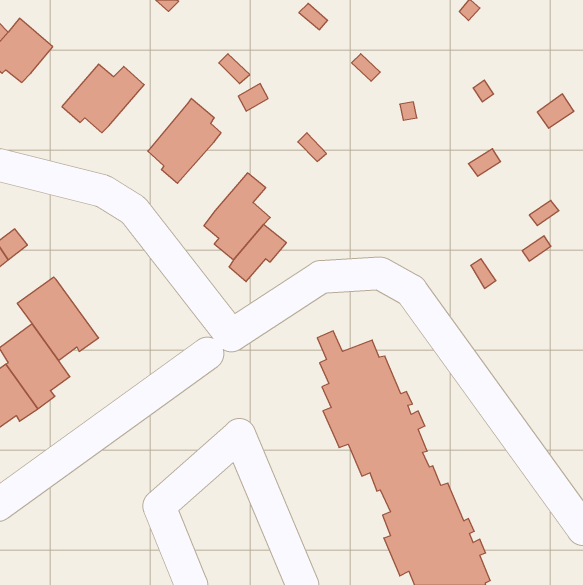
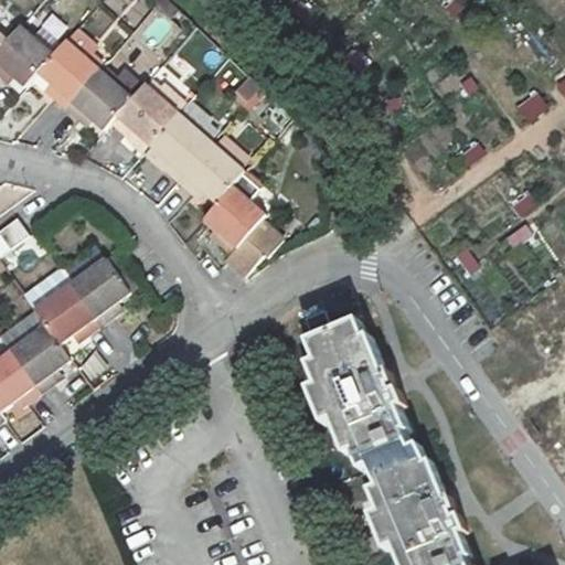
building: none -> [30,23,98,103]
building: none -> [105,74,181,146]
building: none -> [171,134,243,203]
building: none -> [54,244,127,326]

